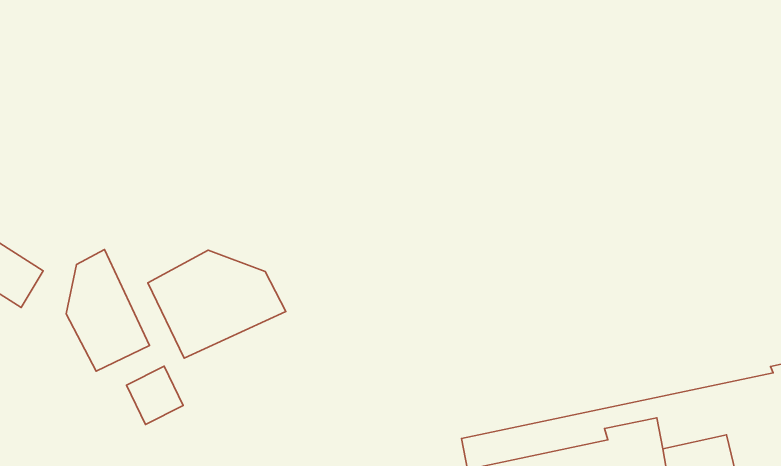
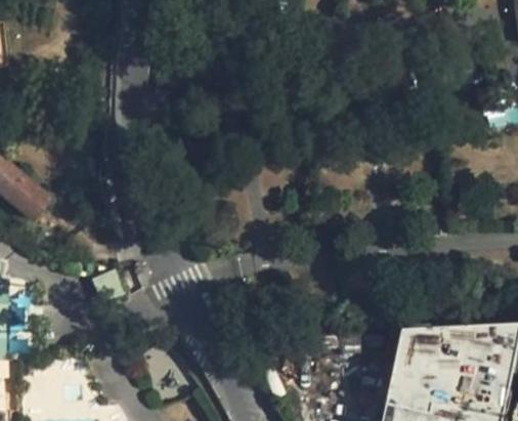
building: [66,249,149,371] -> none
building: [148,250,286,358] -> none

